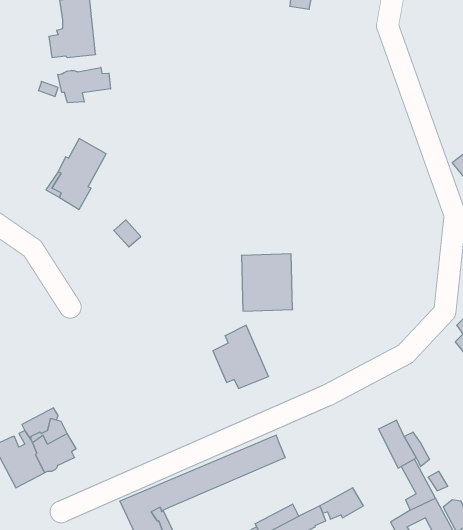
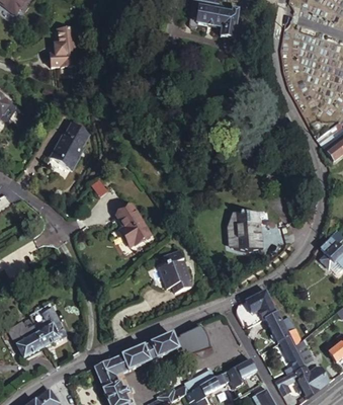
building: [58,67,111,103] -> none
building: [241,254,293,311] -> [227,211,261,249]
building: none -> [112,208,144,245]
building: none -> [238,290,280,321]

